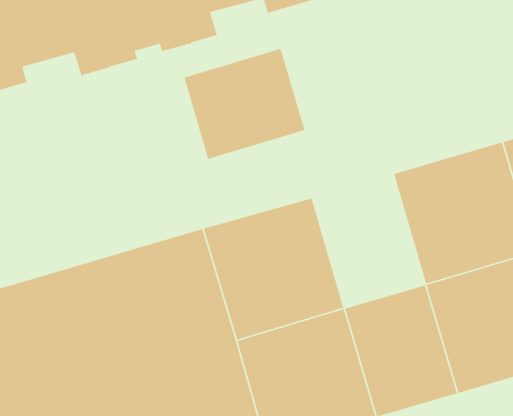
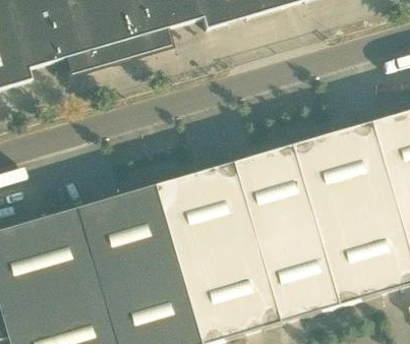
building: [183,48,306,160] -> none
building: none -> [237,144,319,241]

